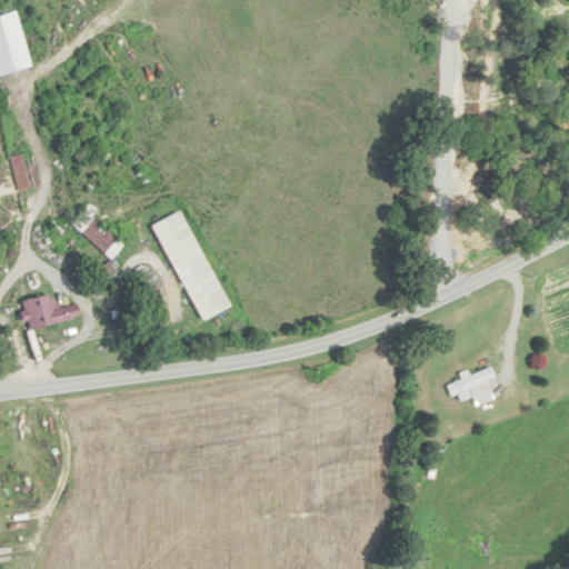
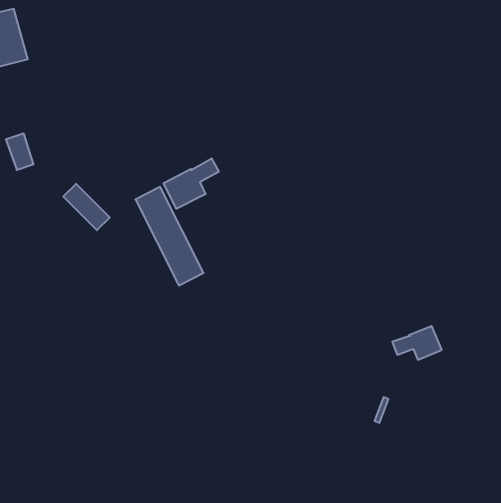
building: none -> [164,158,219,209]
building: [21,293,80,330] -> none

